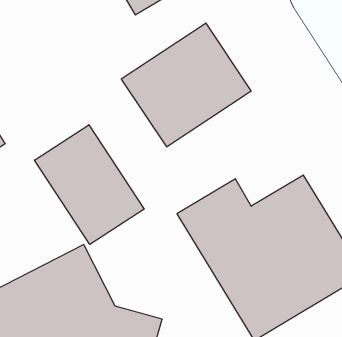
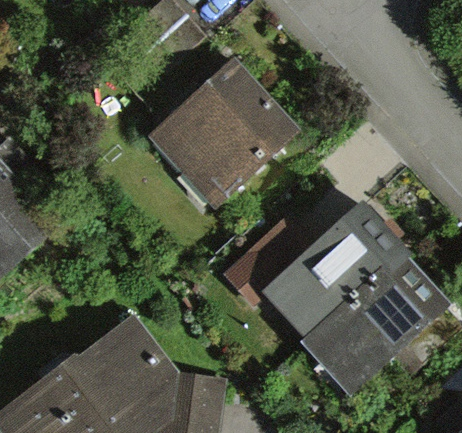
building: [34,125,144,244] -> none

